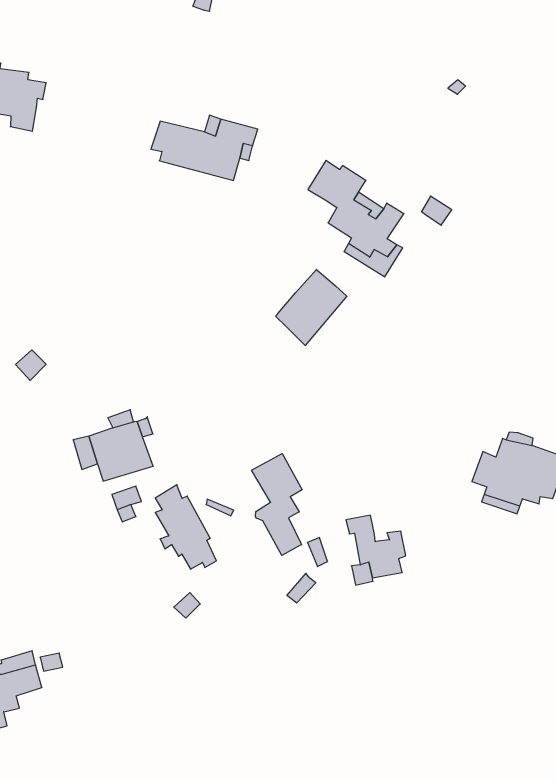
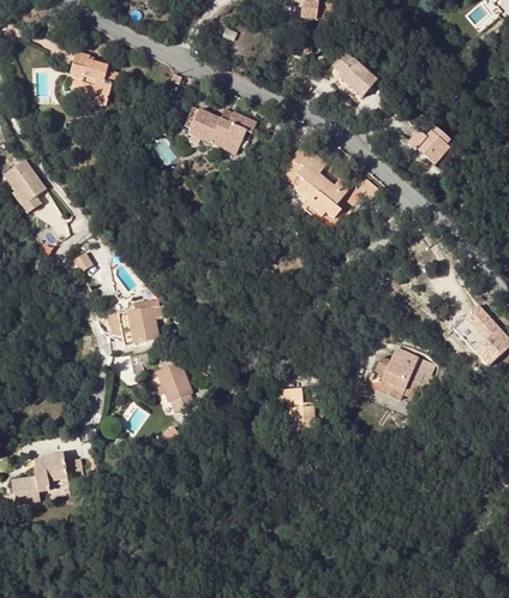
building: none -> [331,52,375,96]
building: none -> [406,126,449,162]
building: [276,269,347,345] -> none
building: [252,454,302,555] -> none

